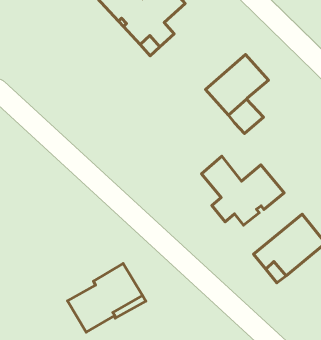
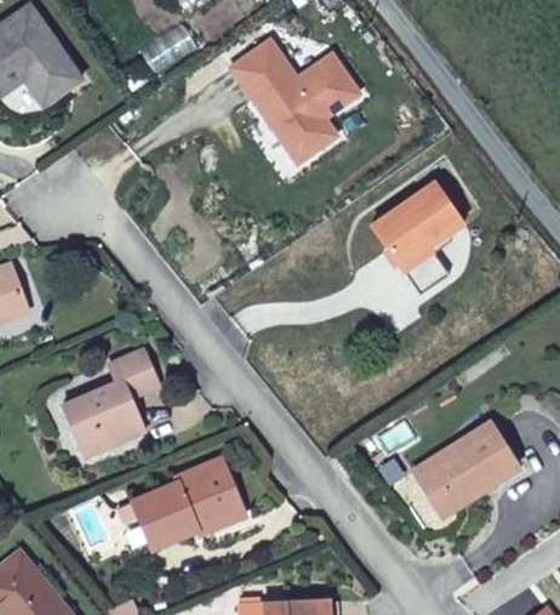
building: [201,156,284,225] -> none
building: none -> [64,349,162,450]

